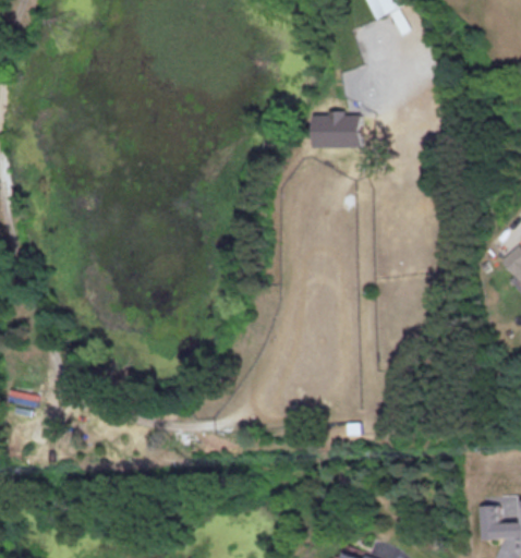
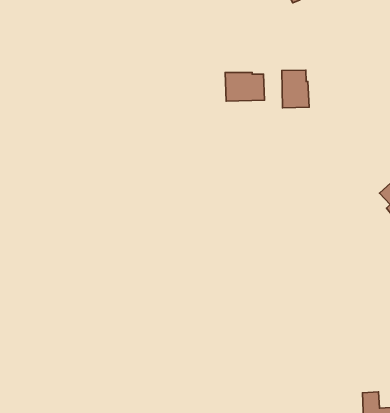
building: none -> [282,70,309,108]

